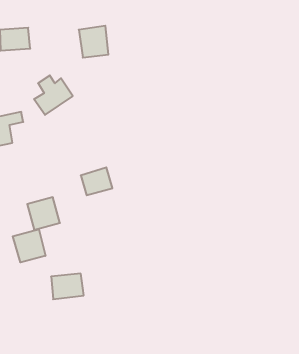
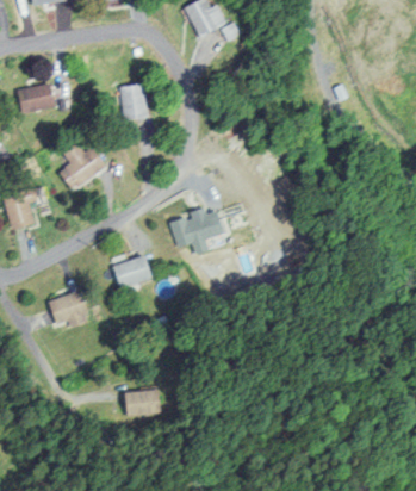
building: none -> [174,204,229,253]
building: [13,229,45,262] -> none
building: [51,274,84,299] -> [126,386,166,417]

